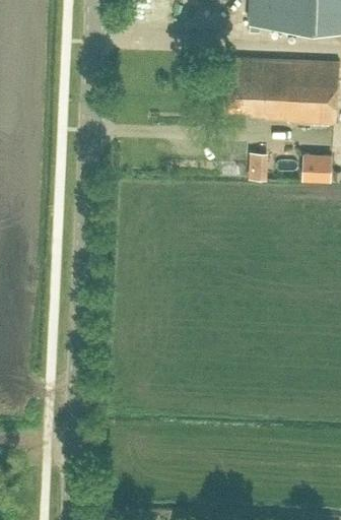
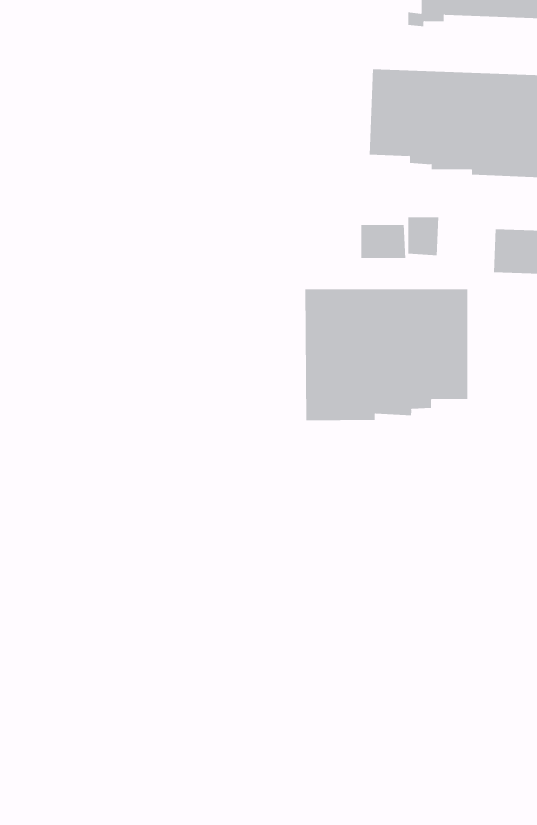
building: none -> [361,224,406,259]
building: none -> [305,288,468,421]

